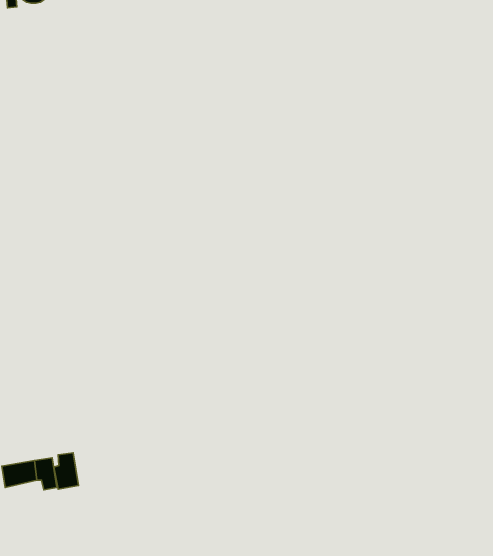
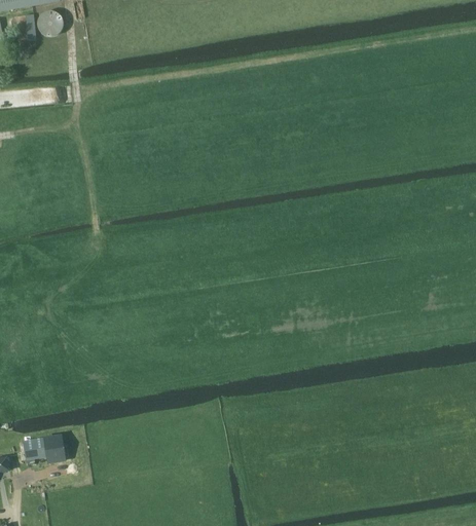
building: [54,453,78,489] -> none

